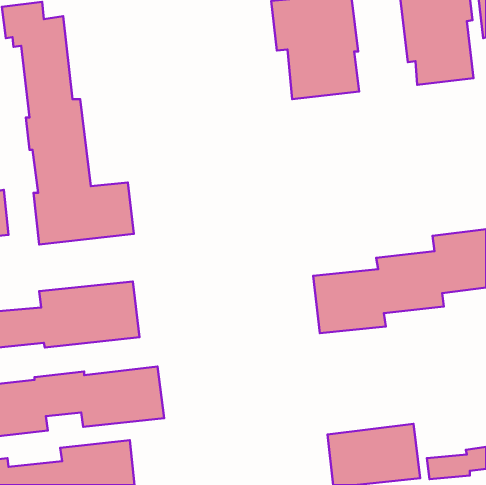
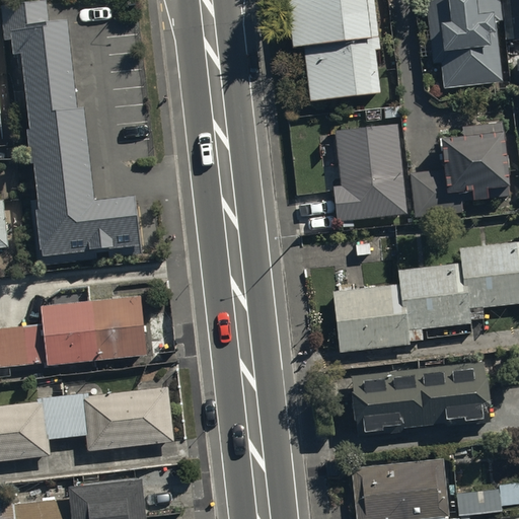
building: none -> [410,125,510,221]
building: none -> [333,126,406,224]
building: none -> [348,355,486,425]

